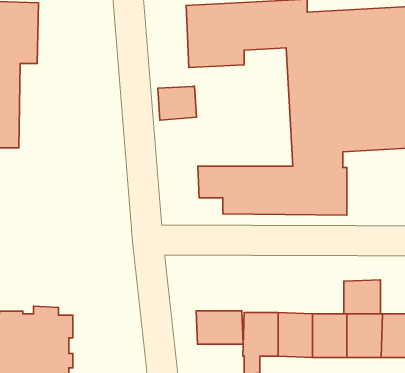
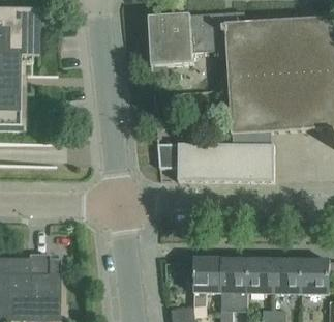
building: [158,86,196,120] -> none
building: [344,280,380,314] -> none
building: [196,311,243,344] -> none

